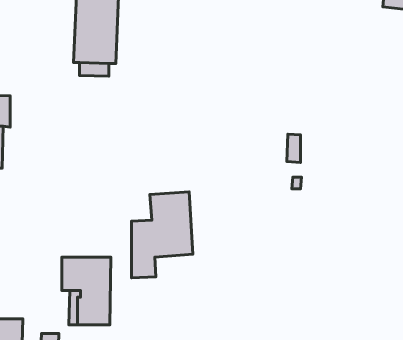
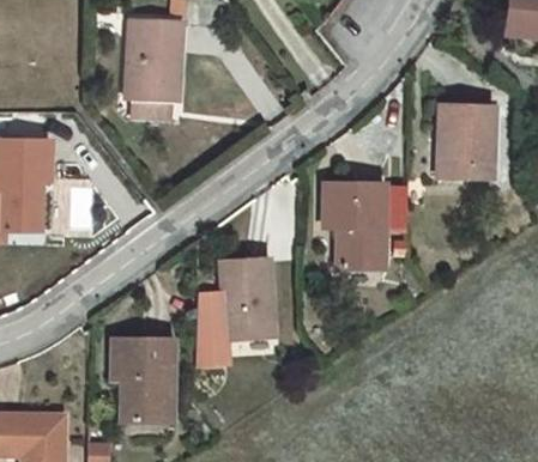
building: none -> [437,105,494,177]
building: none -> [324,183,383,268]

